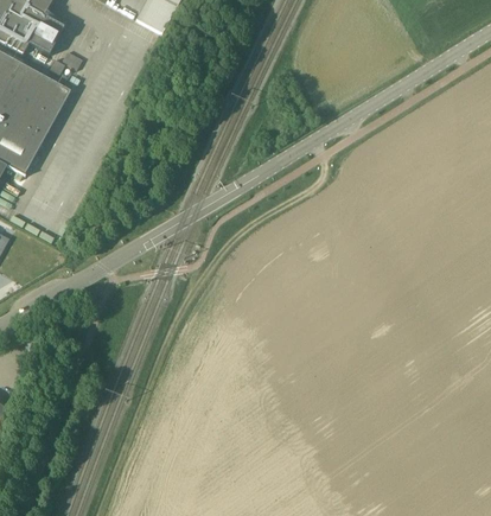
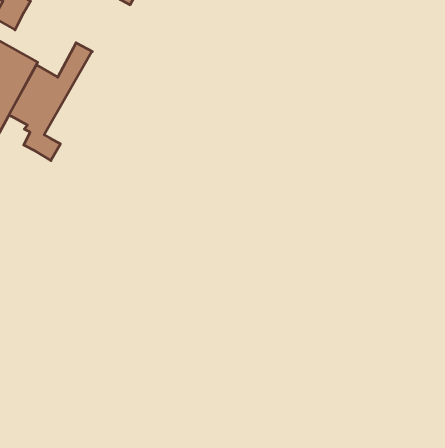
building: none -> [9,43,92,161]

